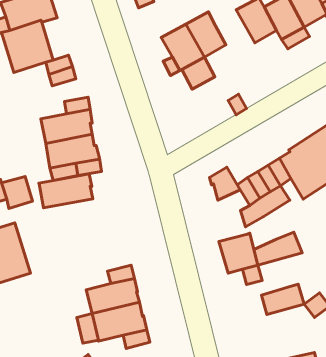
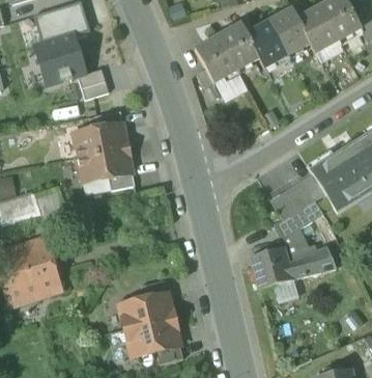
building: none -> [248,22,289,68]
building: [209,167,240,200] -> [280,231,311,264]
building: [39,174,93,208] -> none
building: [262,284,304,315] -> none

